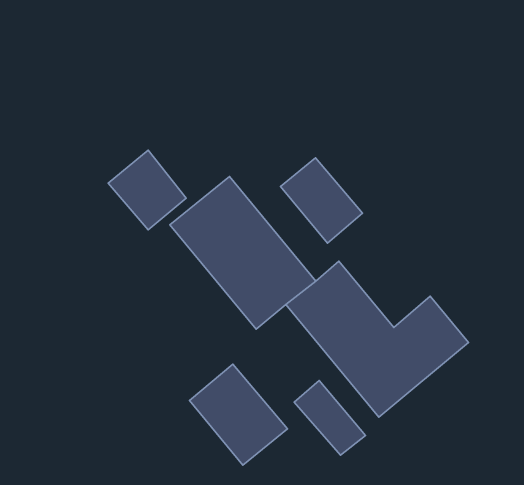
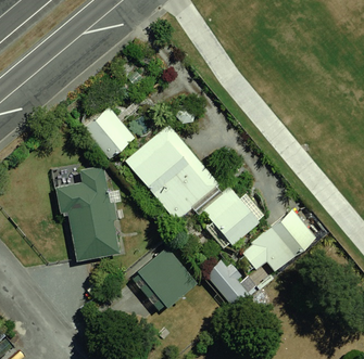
building: [281,158,363,243] -> none
building: none -> [48,165,122,266]

